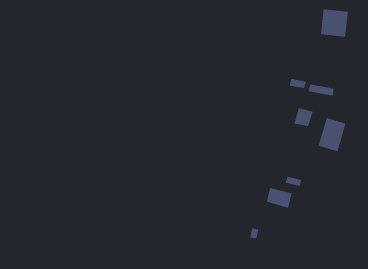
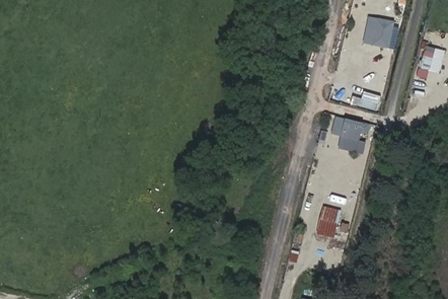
building: [318,117,346,152] -> none

